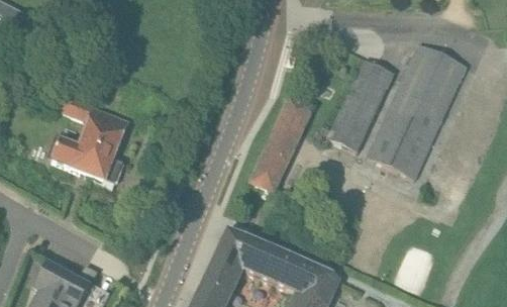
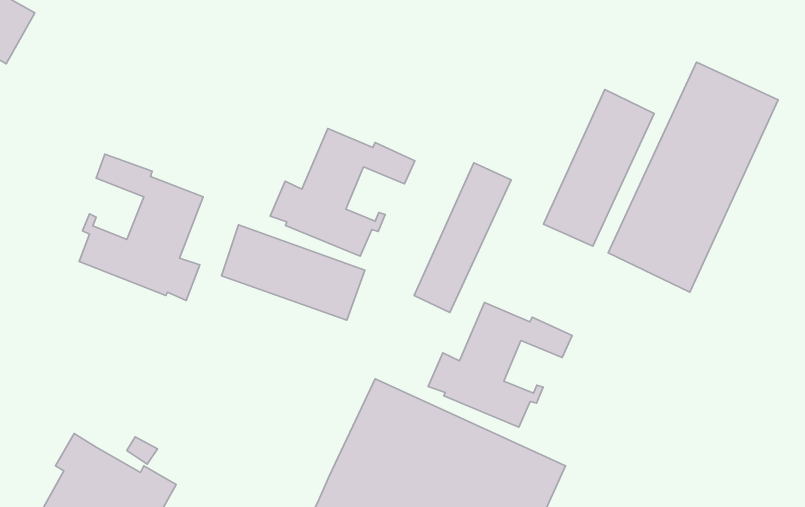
building: none -> [270,129,415,256]
building: none -> [221,225,365,320]
building: none -> [428,303,572,427]

